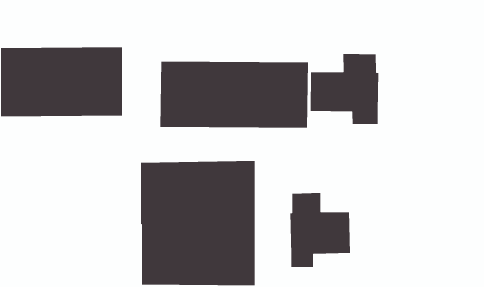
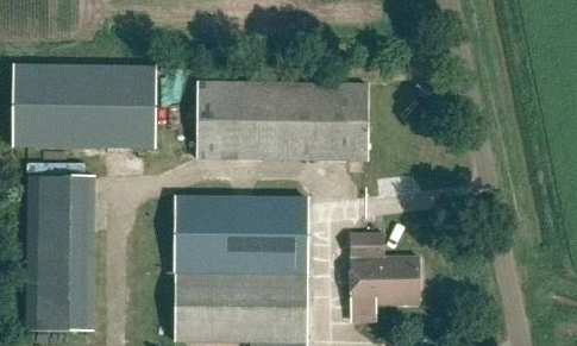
building: [310,53,379,125] -> none
building: none -> [27,174,90,328]

